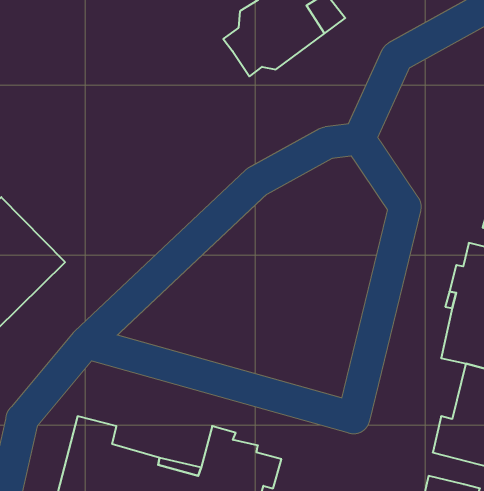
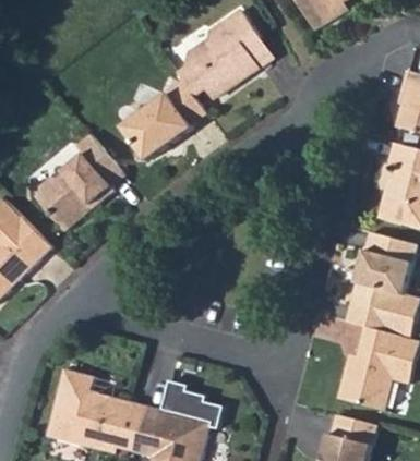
building: none -> [120,81,206,161]
building: none -> [37,134,124,234]

